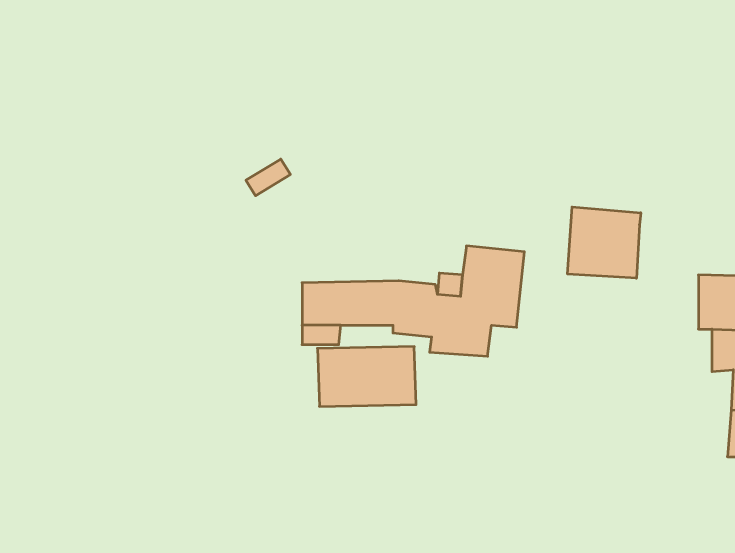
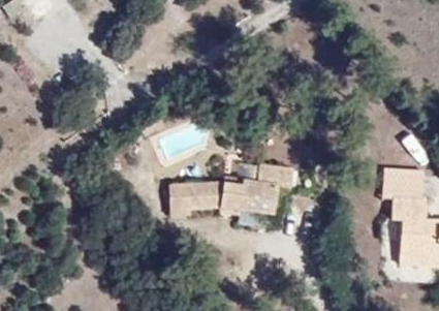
building: [568,207,641,278] -> none

